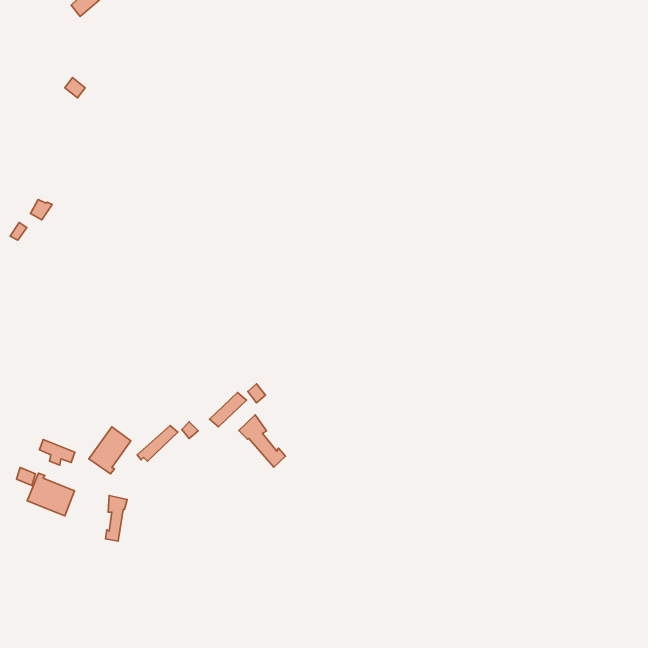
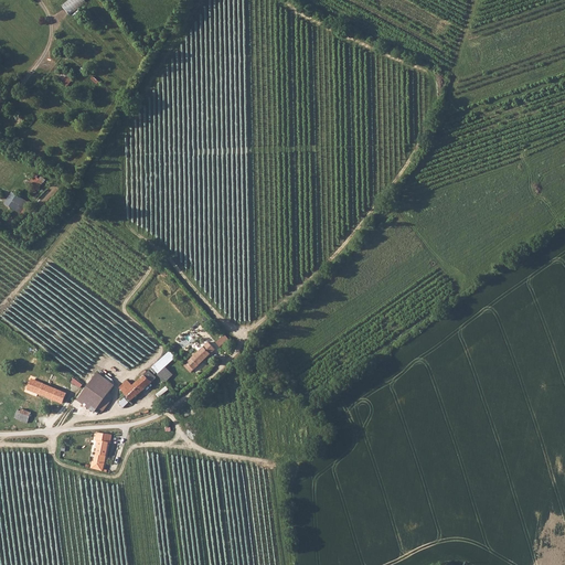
building: [239,415,285,467] -> none
building: [27,473,74,516] -> none

